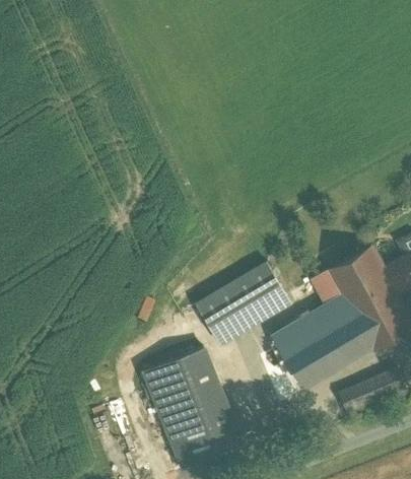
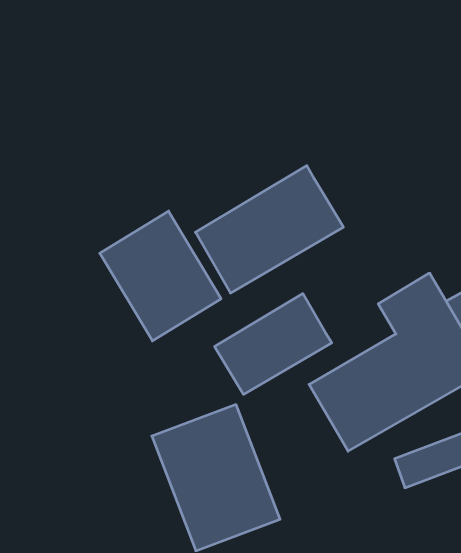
building: none -> [195,166,343,293]
building: none -> [100,211,221,341]

